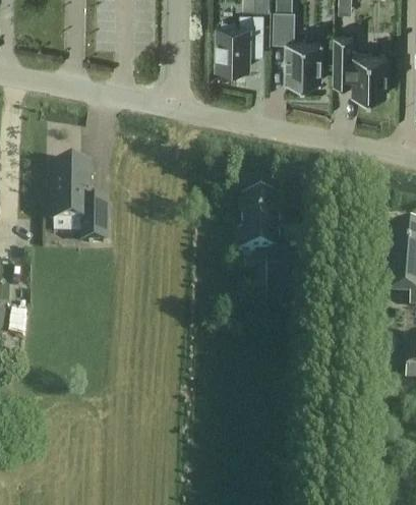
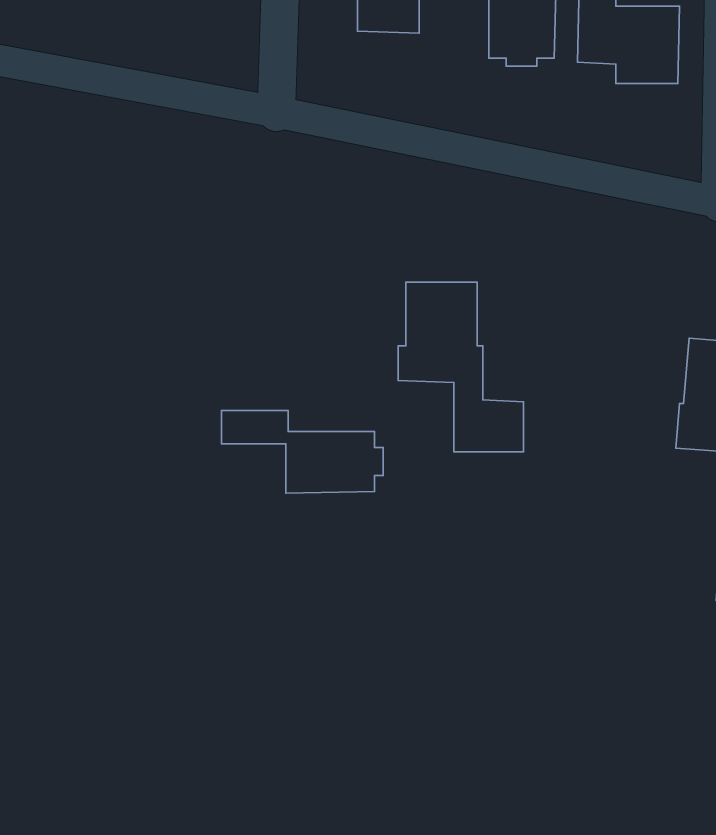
building: [52,166,108,244] -> none
building: none -> [222,411,383,493]

